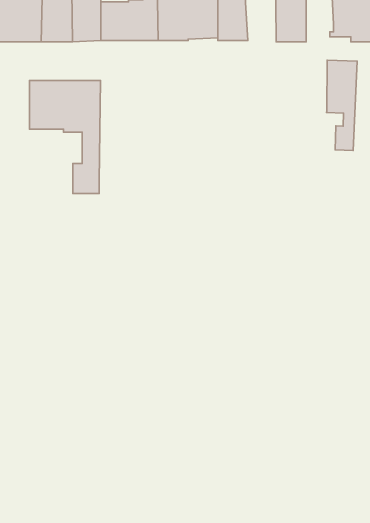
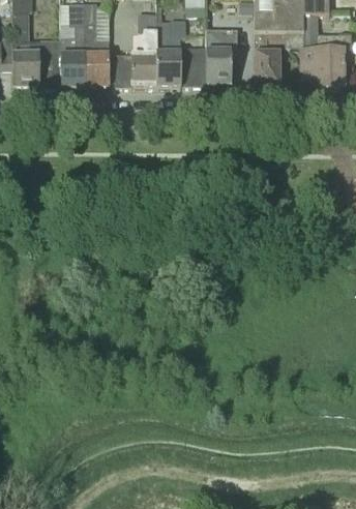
building: [327,60,357,150] -> none
building: [30,80,101,193] -> none

